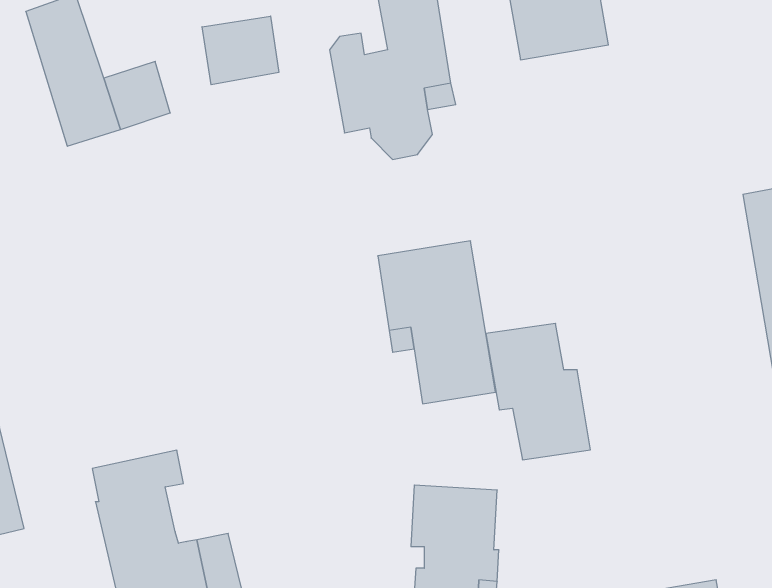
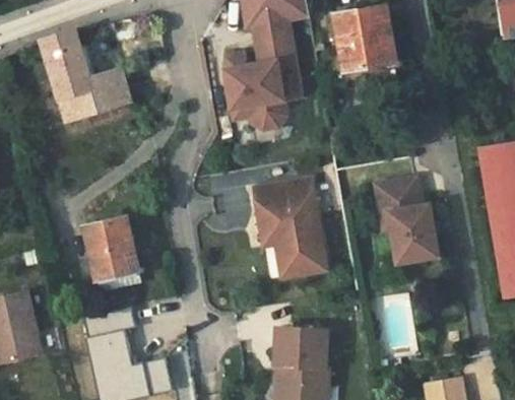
building: [202,16,279,85] -> none
building: none -> [83,217,136,278]
building: [486,323,590,460] -> [376,179,440,262]

